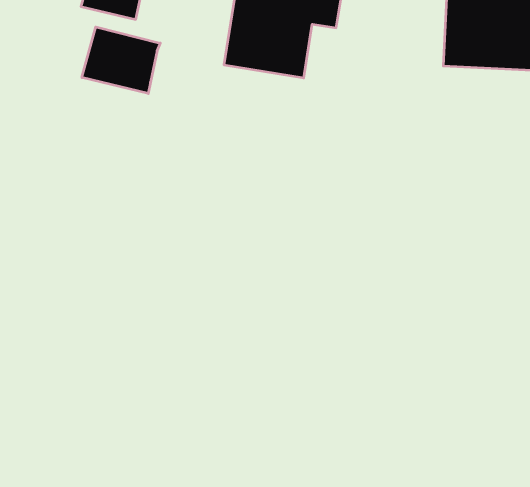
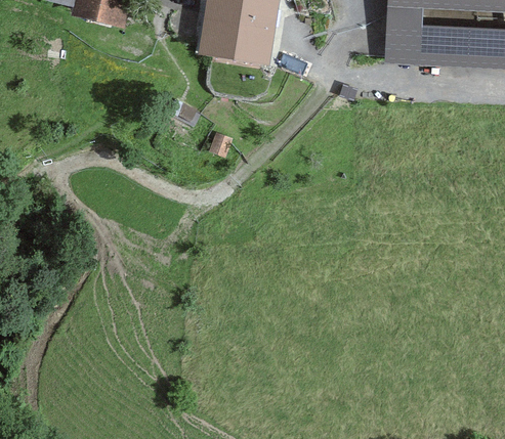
building: [82,27,160,94] -> none

